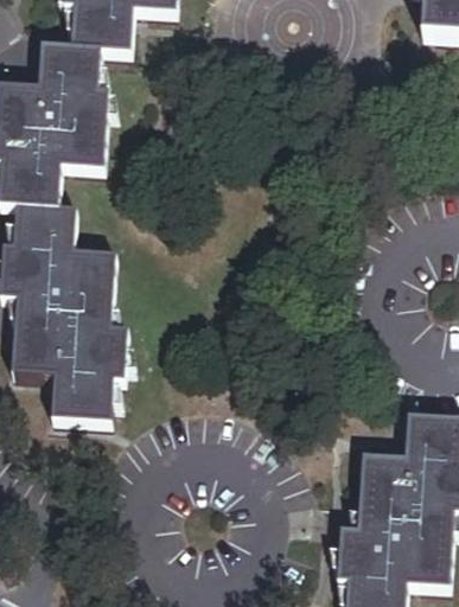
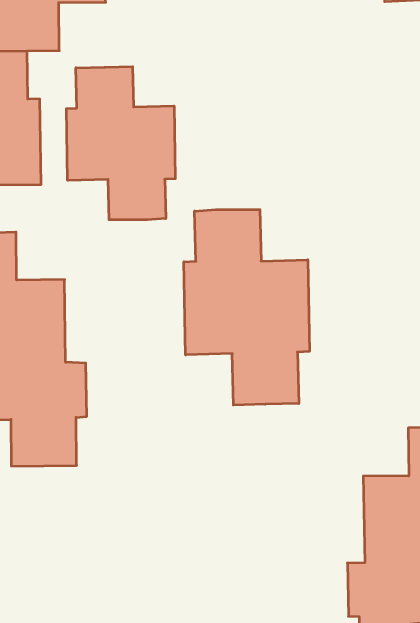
building: none -> [66,67,175,220]
building: none -> [184,210,309,405]

